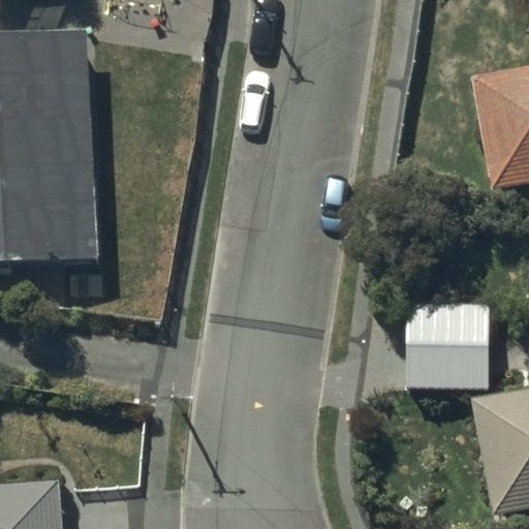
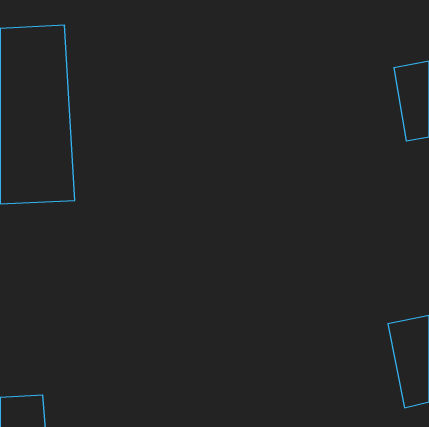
building: [404,305,489,387] -> none

